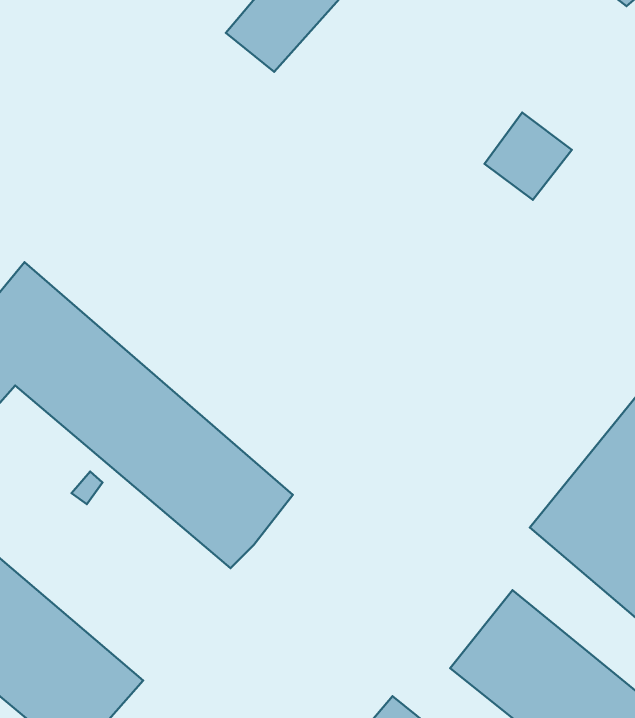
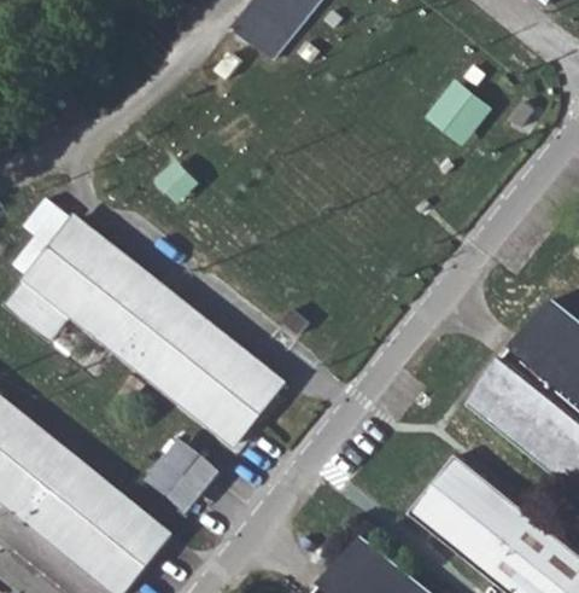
building: none -> [150,447,227,525]

